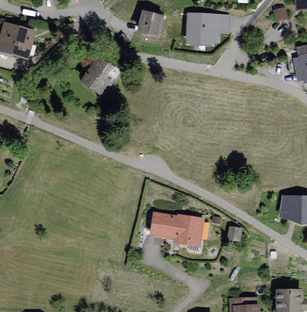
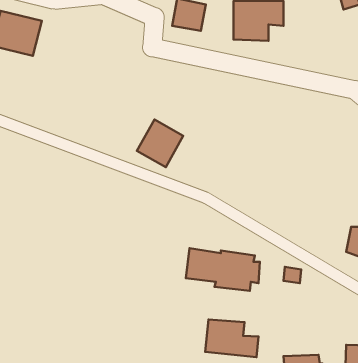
building: [80,58,117,96] -> [137,120,183,167]
building: none -> [205,319,259,357]

